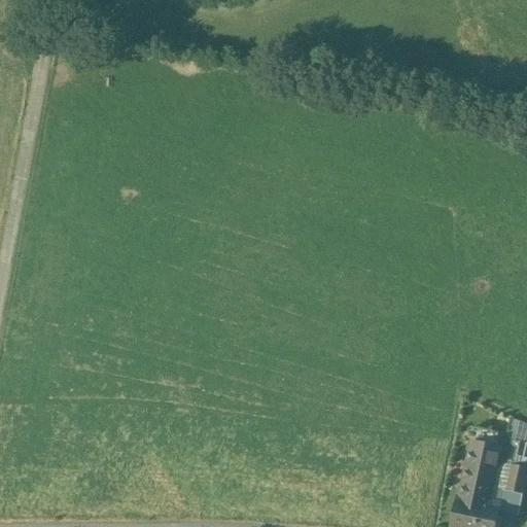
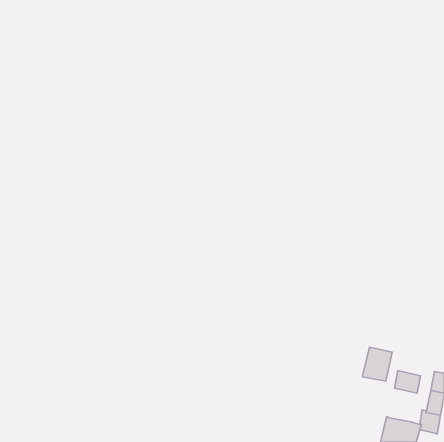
building: [459,459,494,499] -> [363,347,392,381]

